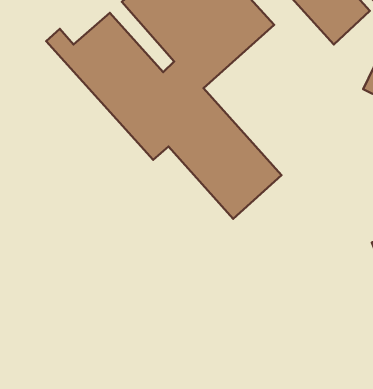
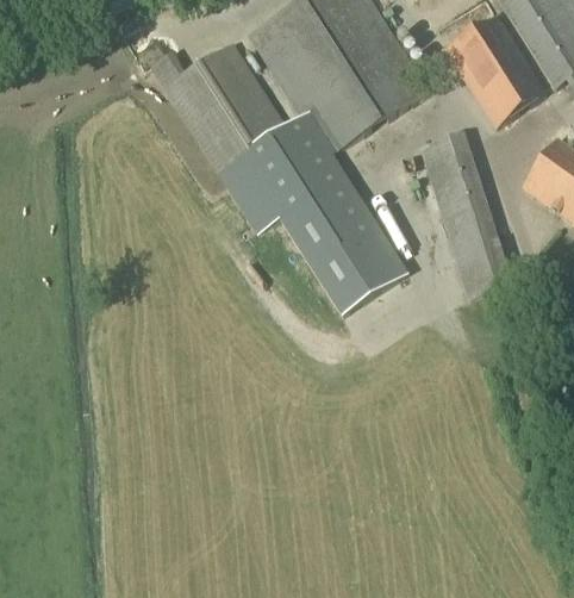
building: none -> [416,129,512,295]

